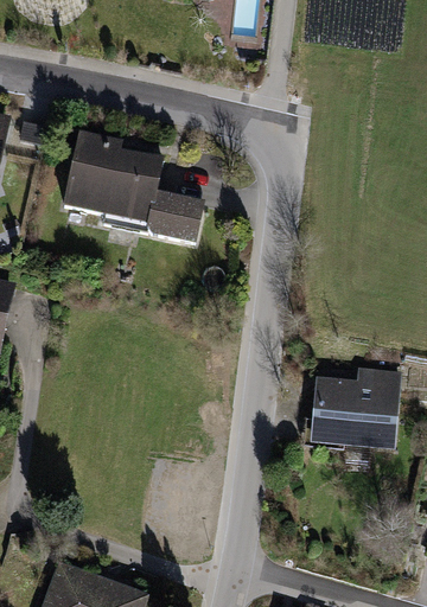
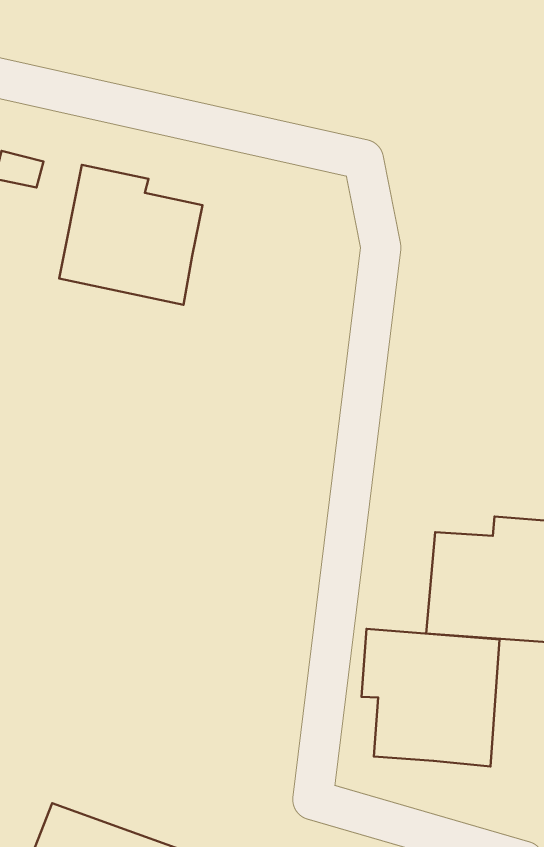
building: [146,190,202,243] -> none
building: none -> [361,629,500,767]

